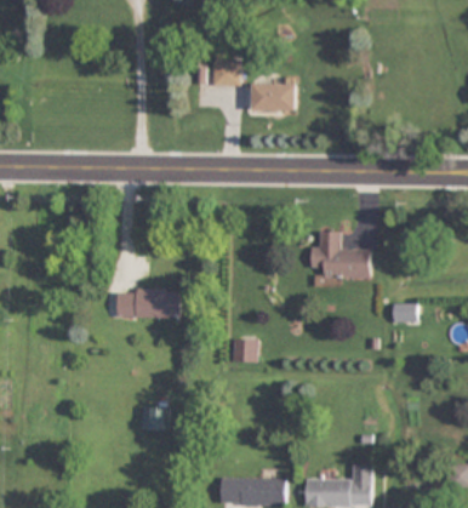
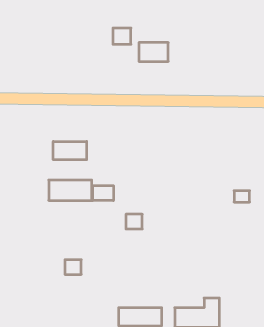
building: none -> [53,141,87,160]
building: [310,232,369,278] -> none
building: none -> [93,186,113,201]

